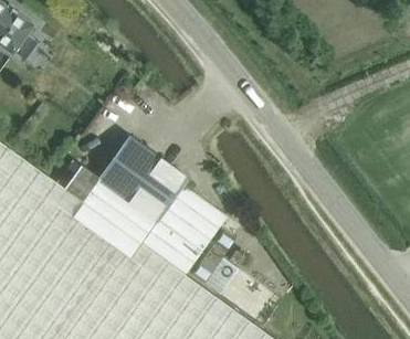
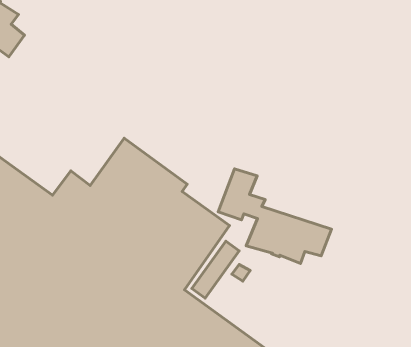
building: none -> [218,169,331,264]

